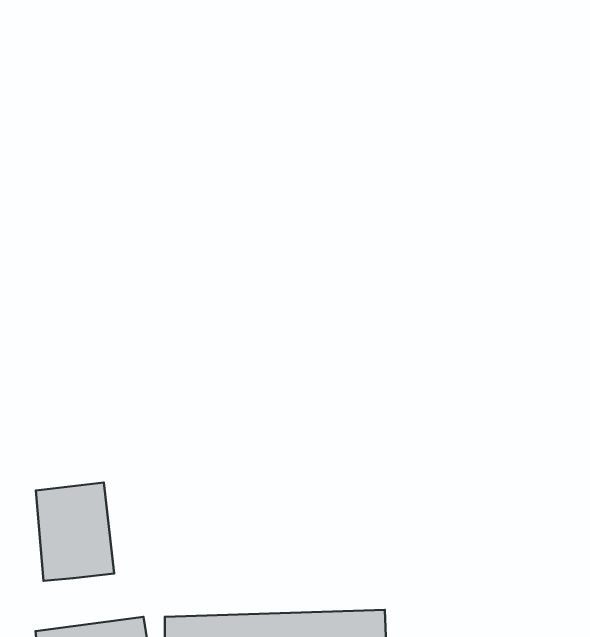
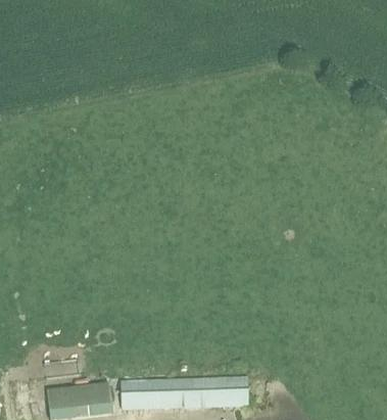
building: [36,482,114,581] -> none

